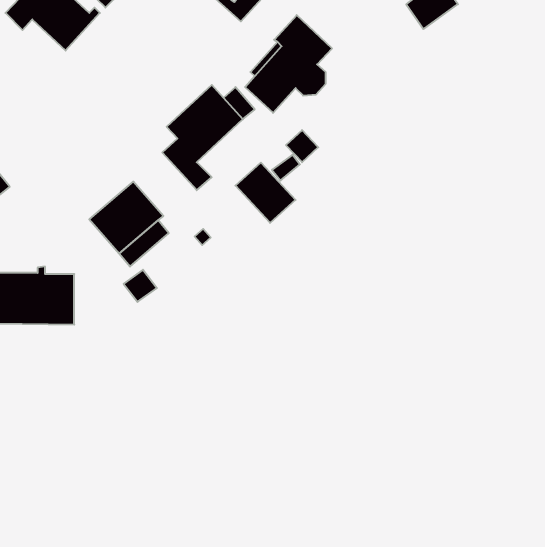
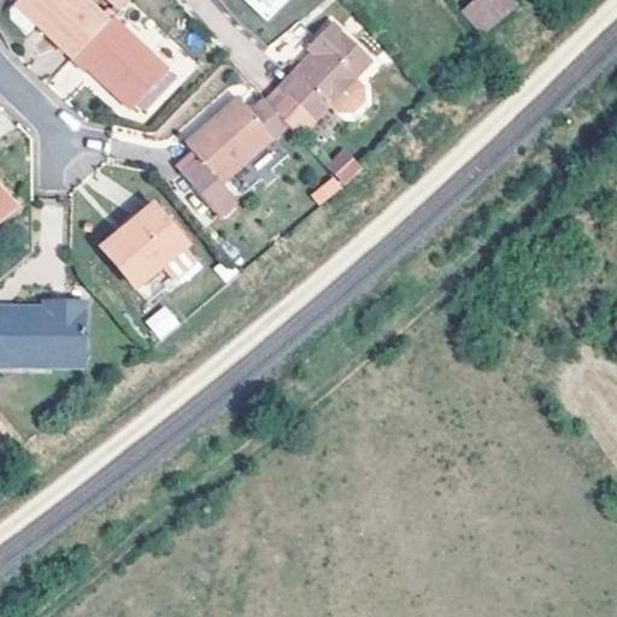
building: none -> [74,14,177,108]
building: [235,163,296,223] -> none

